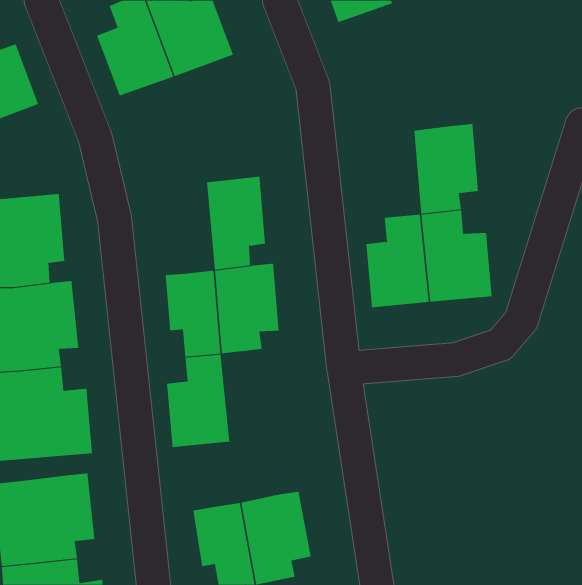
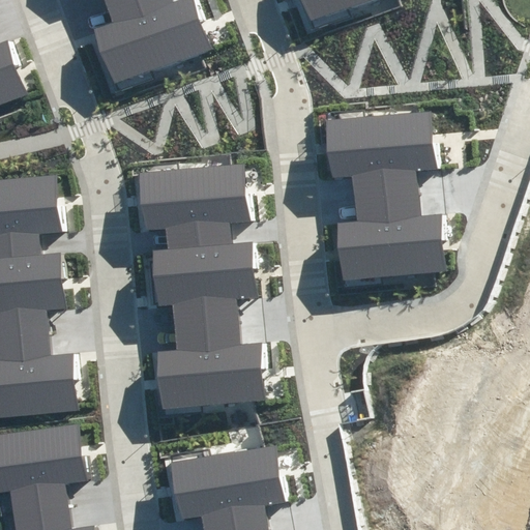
building: none -> [329,118,380,197]
building: none -> [136,165,194,247]
building: none -> [200,316,265,400]

